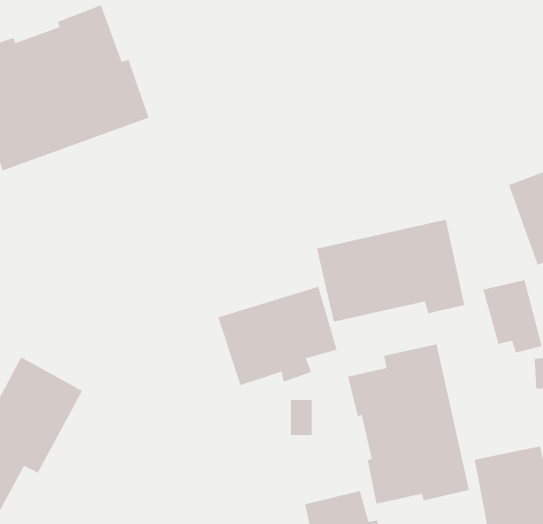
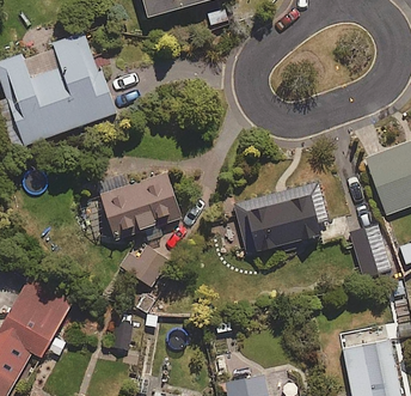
building: [218,286,338,386] -> [99,172,183,242]
building: [348,343,470,505] -> none

